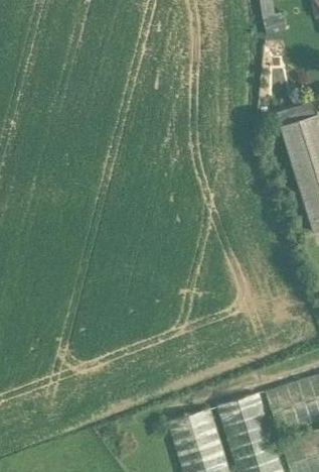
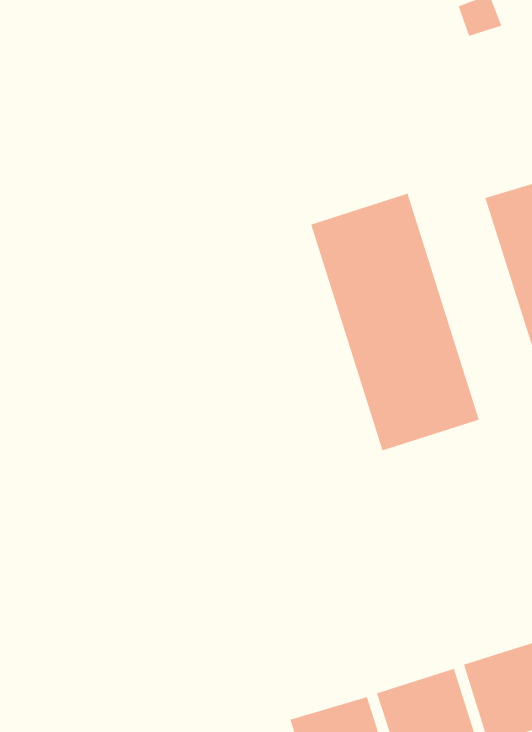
building: none -> [310,193,480,451]

